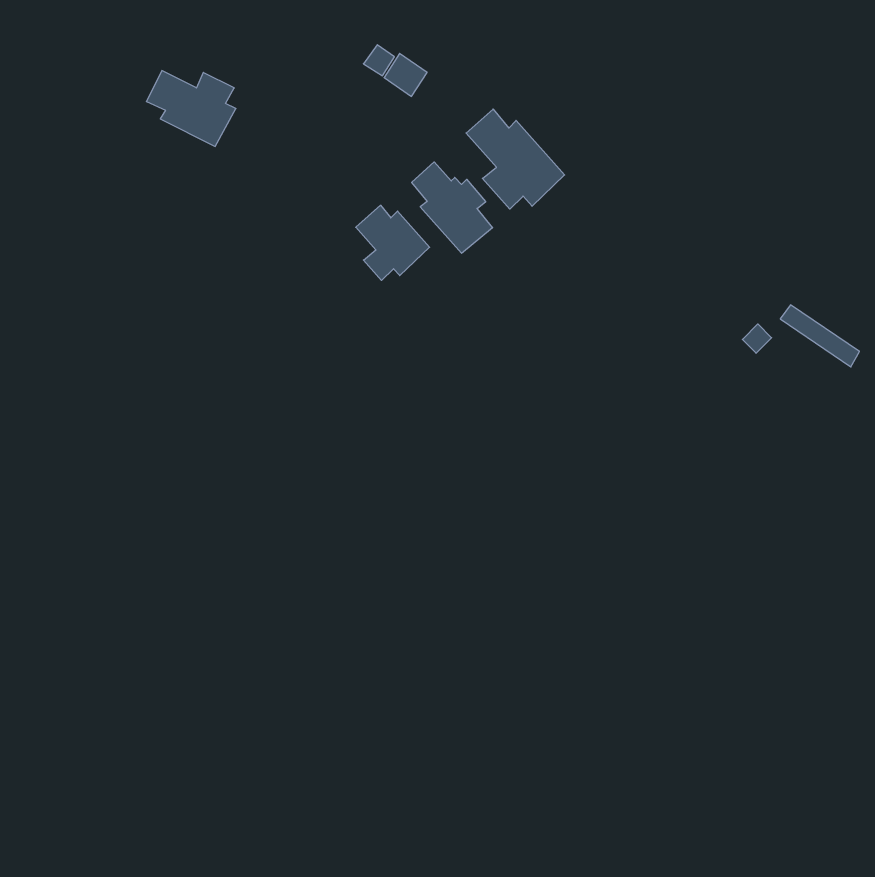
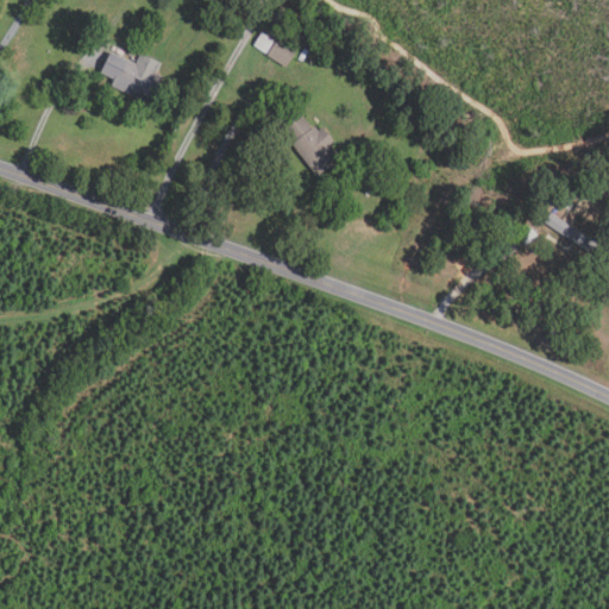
building: [466,109,565,209] -> none
building: [356,205,430,280] -> none

